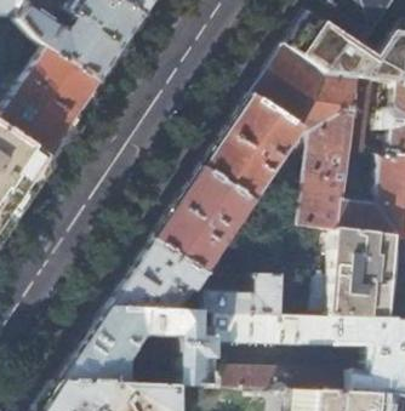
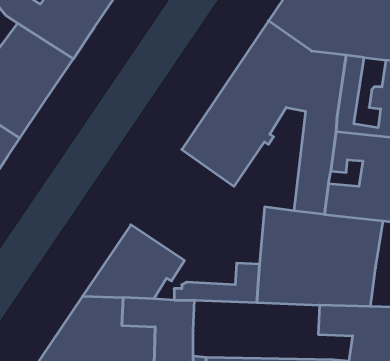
building: [150,170,249,275] -> none
building: [210,313,330,346] -> none

